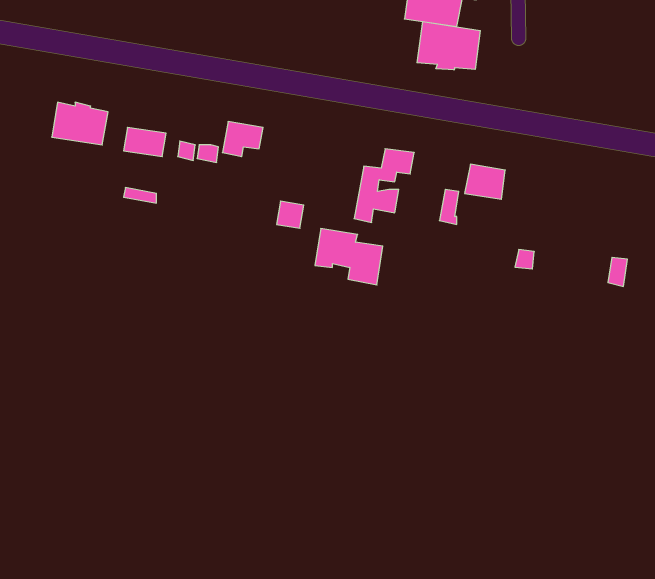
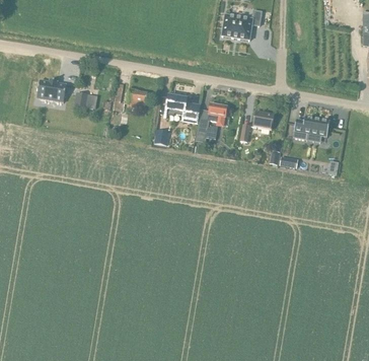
building: [417,22,480,70] -> none
building: none -> [294,117,329,139]
building: [315,229,383,285] -> [165,94,201,124]

